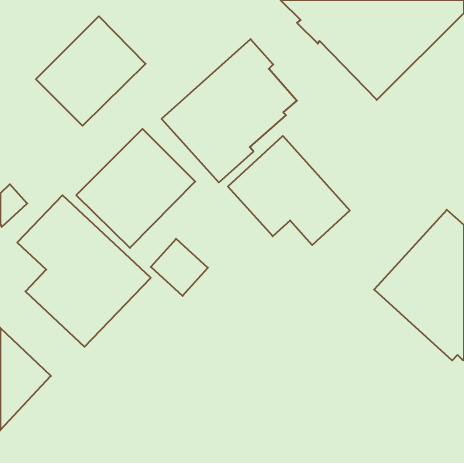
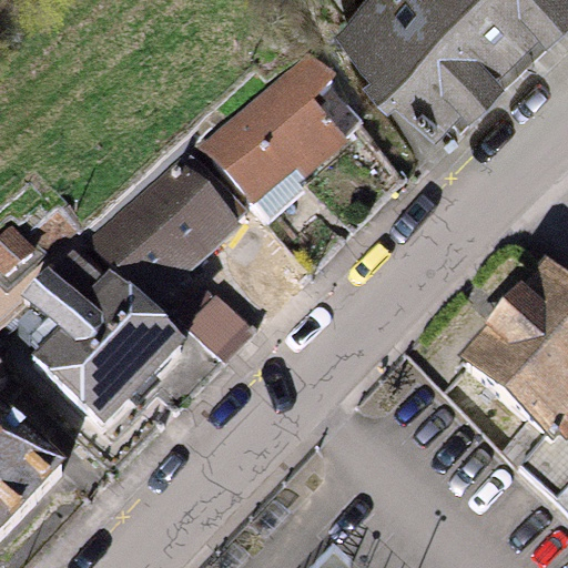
building: [36,16,146,126] -> none
building: [228,136,350,245] -> none

